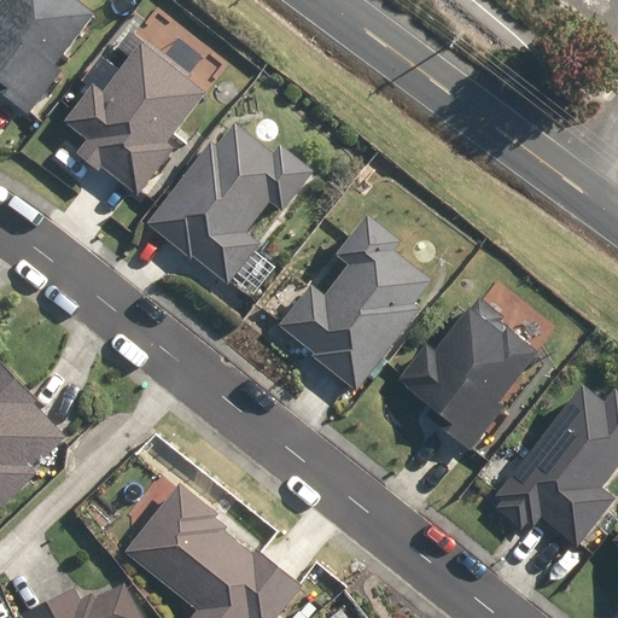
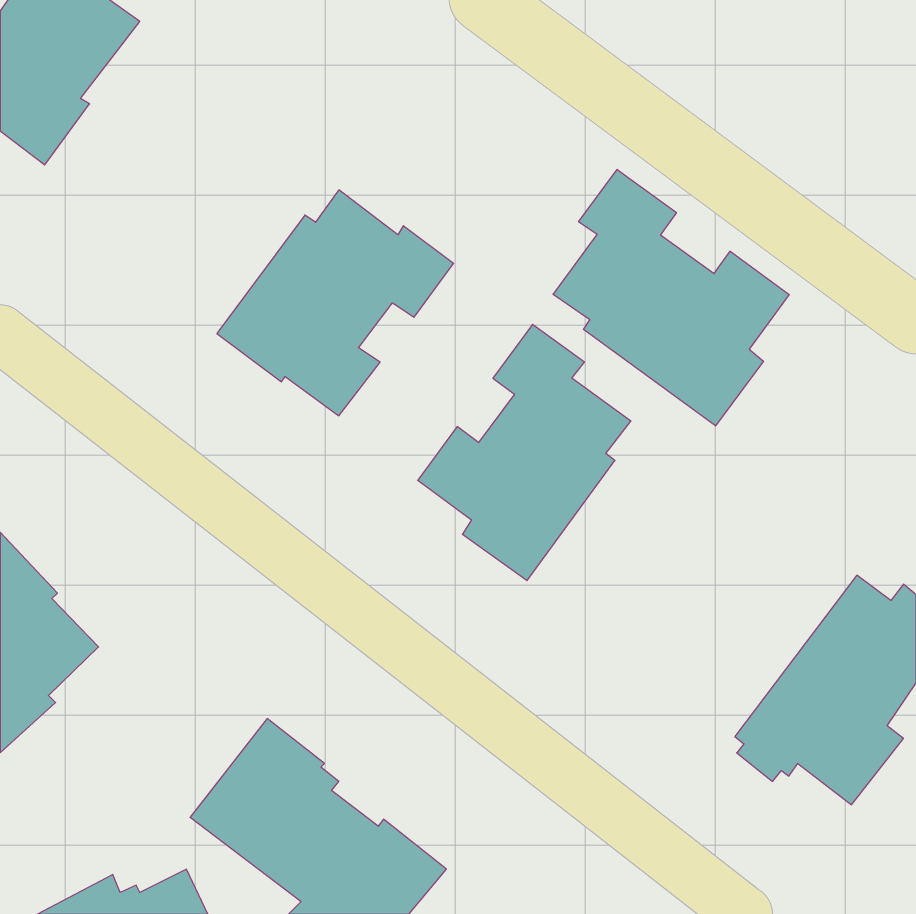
building: [66,43,206,193] -> none
building: none -> [553,169,789,426]
building: [398,302,530,449] -> none

